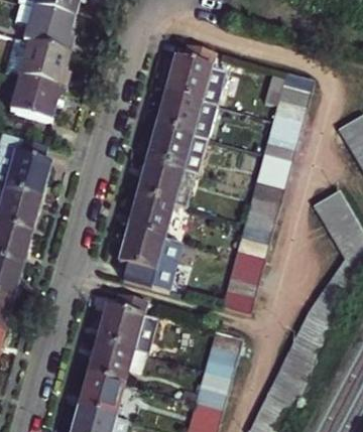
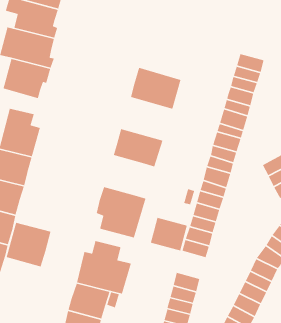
building: [168,42,229,103] -> none
building: [147,124,208,174] -> none
building: [127,192,174,239] -> none
building: none -> [150,217,188,252]
building: none -> [5,222,51,268]

